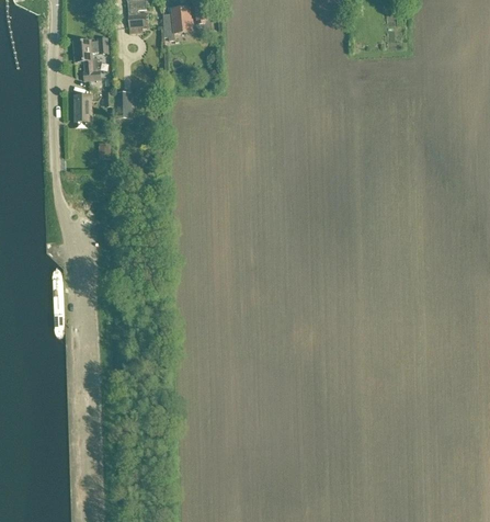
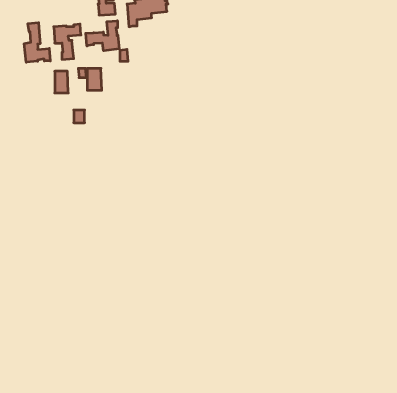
building: none -> [86,21,119,51]
building: none -> [24,23,50,62]

